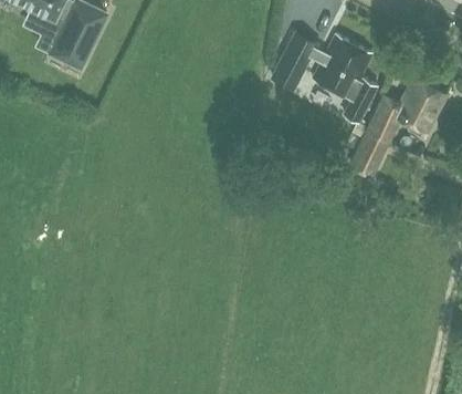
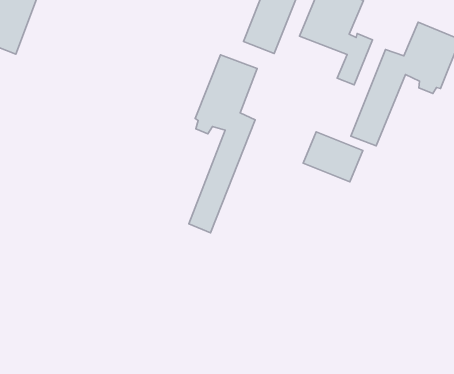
building: none -> [189,55,257,233]
building: none -> [303,132,363,182]

